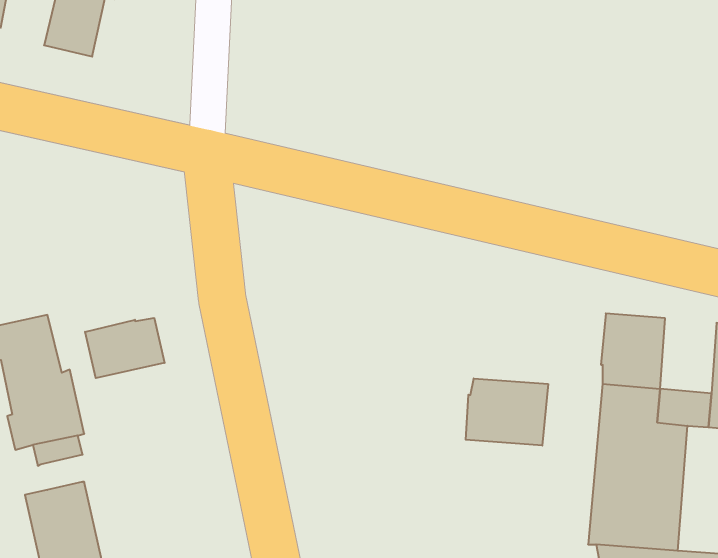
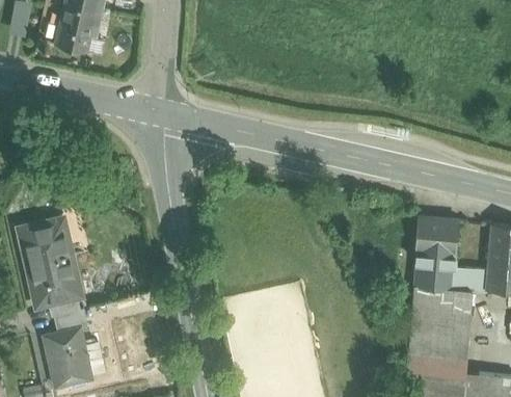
building: [85,318,165,378] -> none
building: [466,378,548,446] -> none
building: none -> [53,310,87,334]

